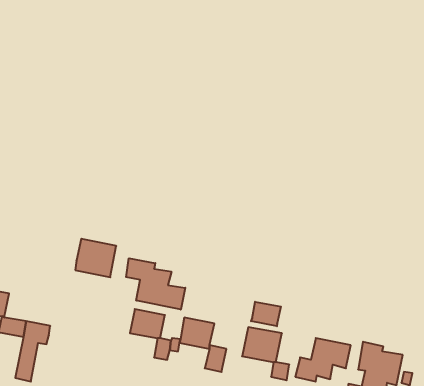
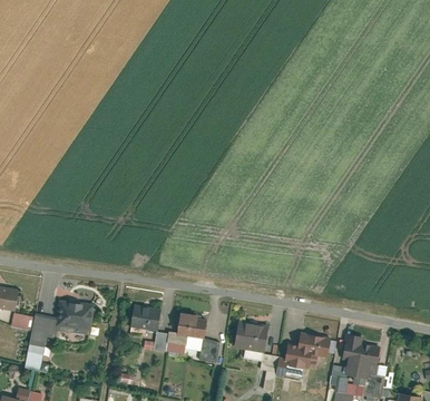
building: [75,239,116,277] -> [55,301,92,336]
building: [126,258,185,310] -> none
building: [251,302,281,326] -> none

